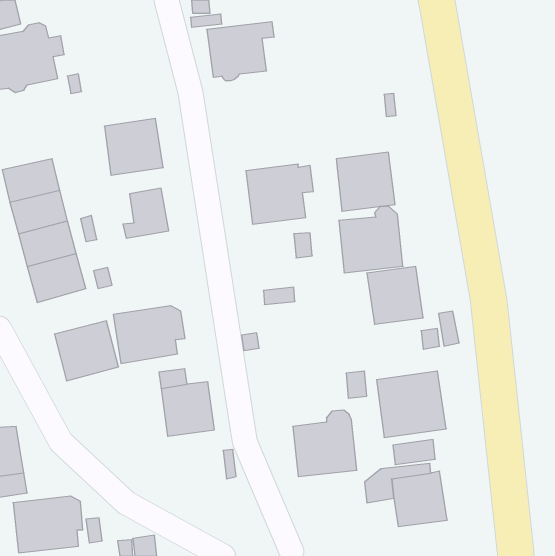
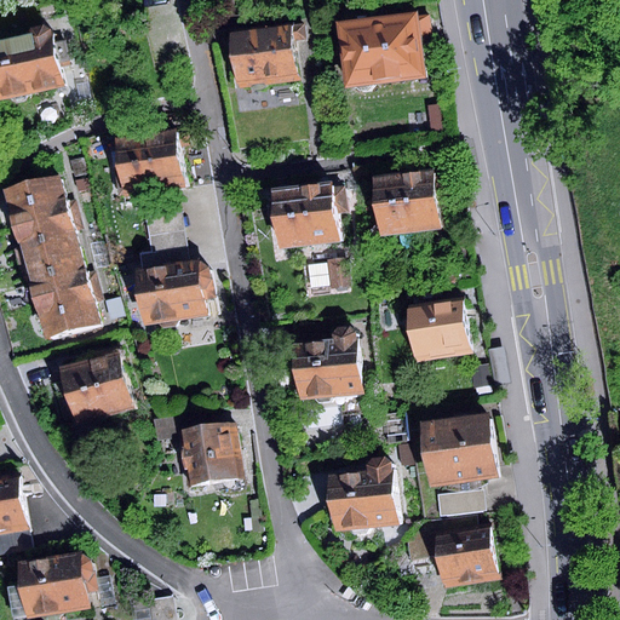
building: none -> [335,13,430,91]
building: [339,206,403,273] -> [293,327,364,401]
building: [113,306,185,363] -> [132,262,212,326]

